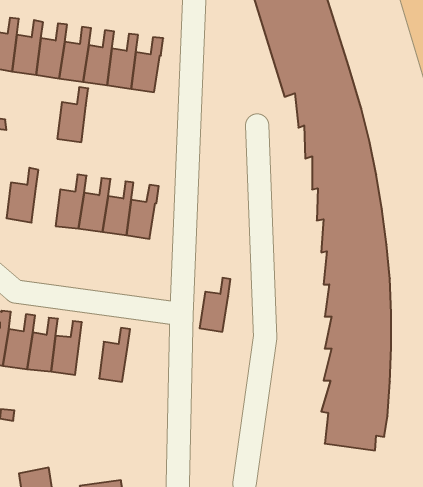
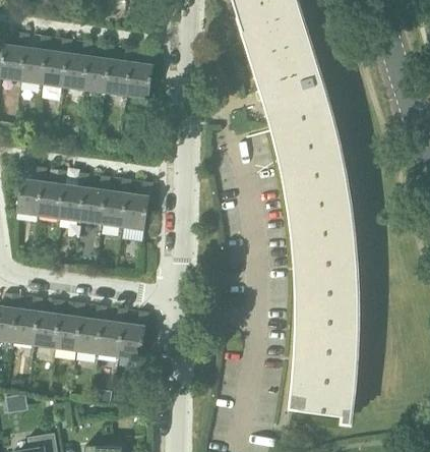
building: [57,87,88,142] -> [38,170,65,219]
building: [200,278,230,332] -> [118,313,145,360]
building: none -> [76,306,104,354]

